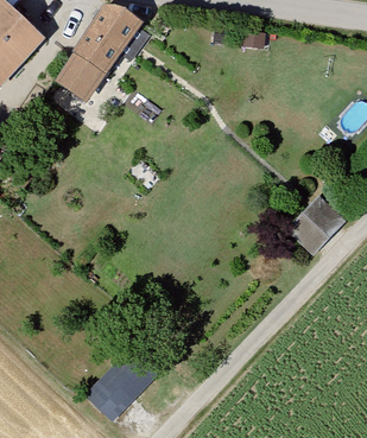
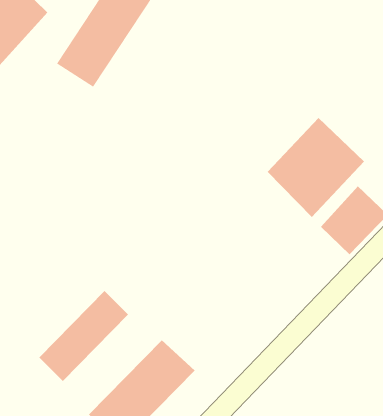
building: none -> [267,117,365,218]
building: none -> [38,290,129,382]

